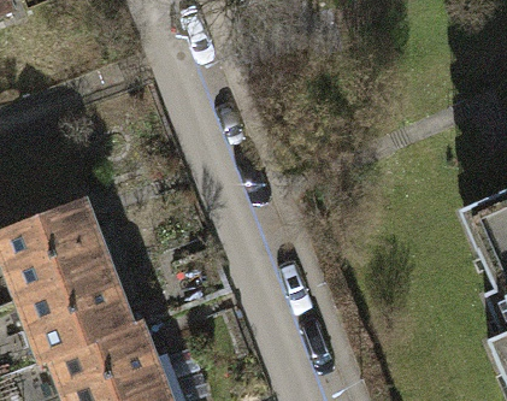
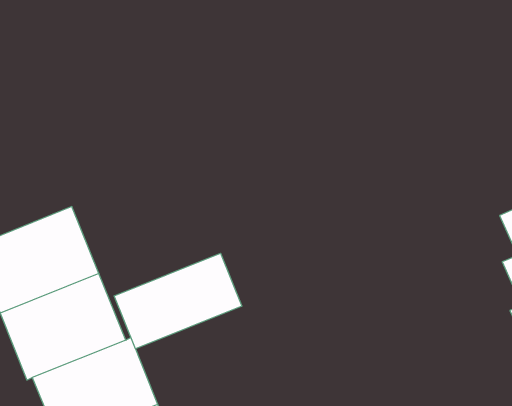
building: none -> [114,253,242,349]

